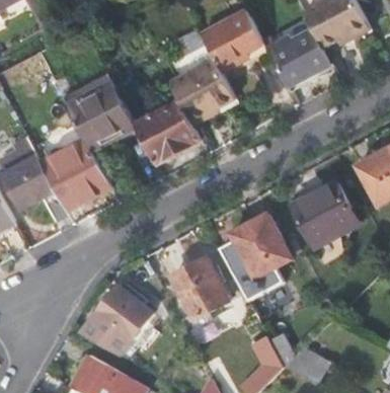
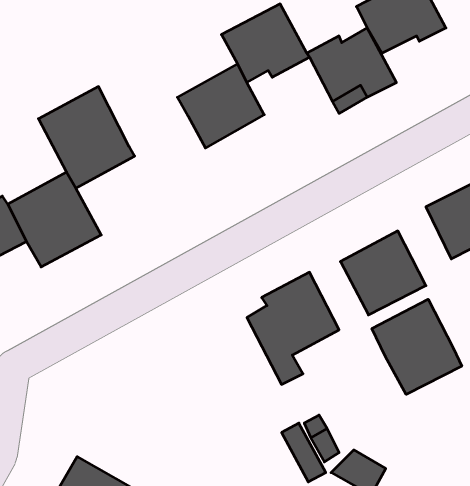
building: [131,95,199,162] -> none
building: none -> [372,299,462,394]
building: [173,259,229,319] -> none
building: [89,280,157,352] -> none

